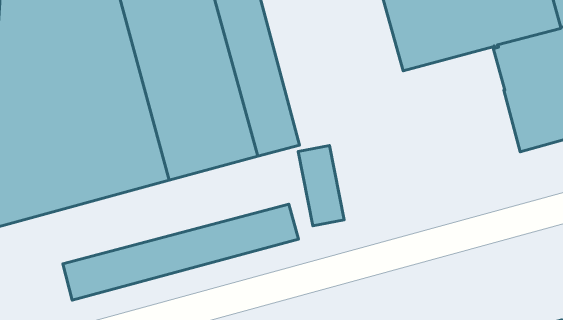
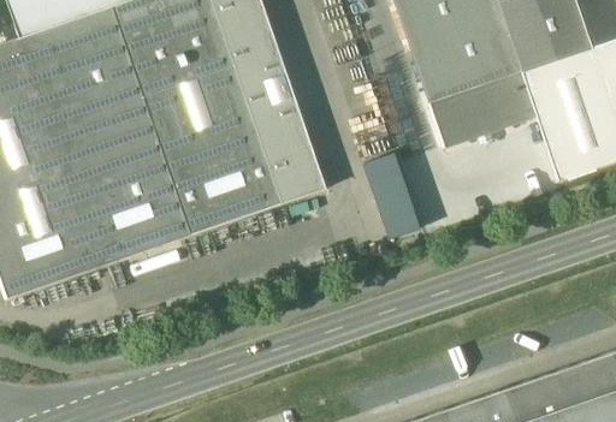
building: none -> [430,73,538,149]
building: [298,145,344,226] -> [365,154,417,239]
building: [63,204,298,300] -> none

